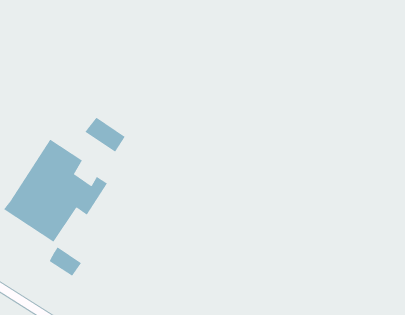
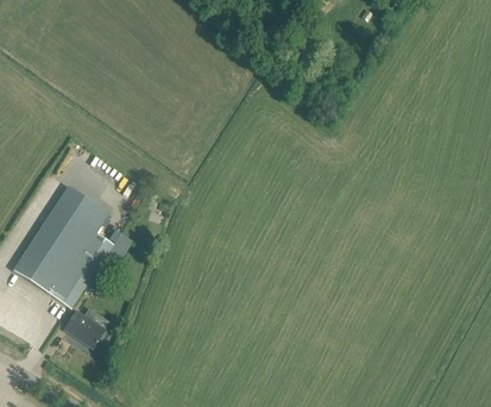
building: [85,117,125,152] -> none

